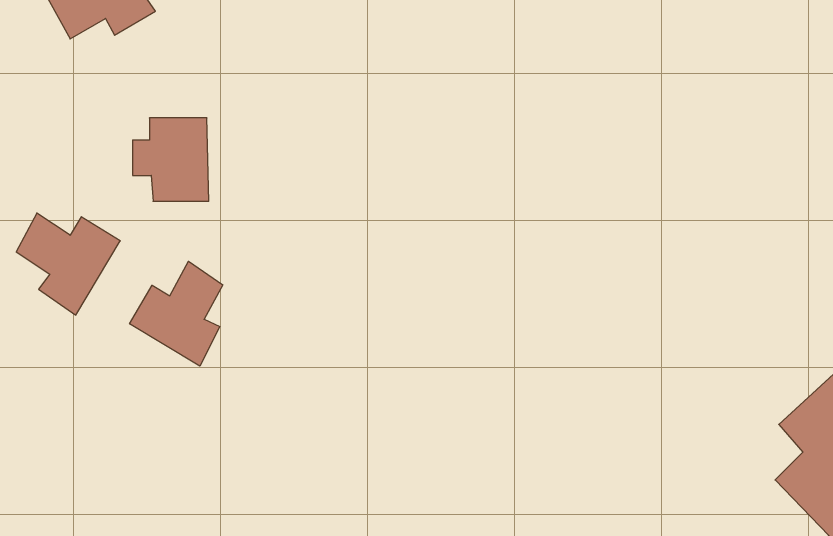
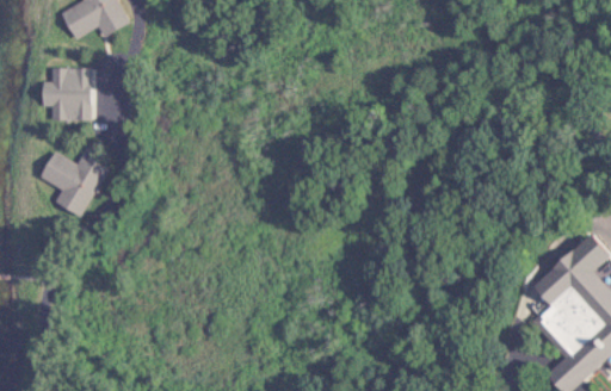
building: [133,118,209,201] -> [41,66,90,119]
building: [130,261,223,366] -> none

